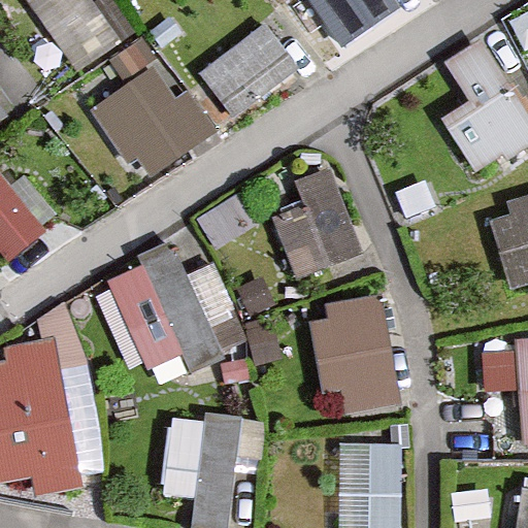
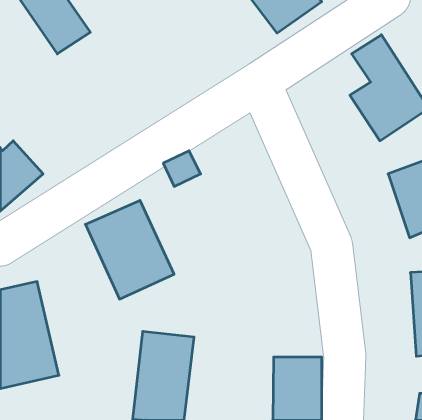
building: [196,19,300,120] -> none
building: [87,71,198,186] -> none
building: [267,170,356,274] -> none
building: [317,301,402,412] -> none

